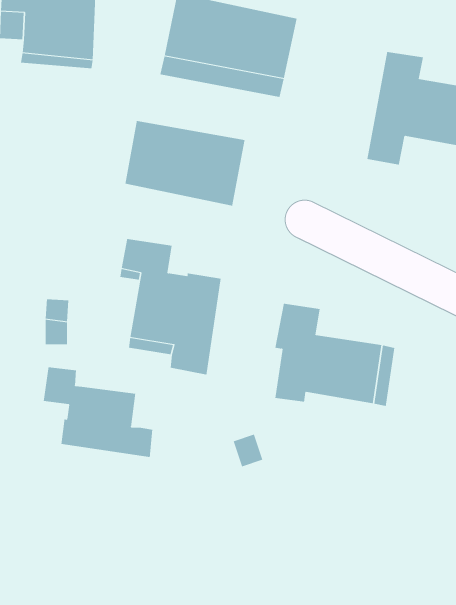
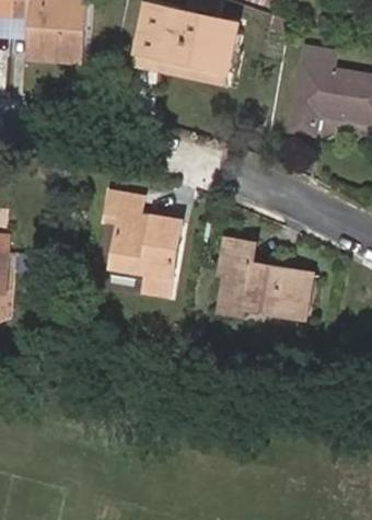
building: [125,120,245,207] -> none
building: [43,367,153,458] -> none

